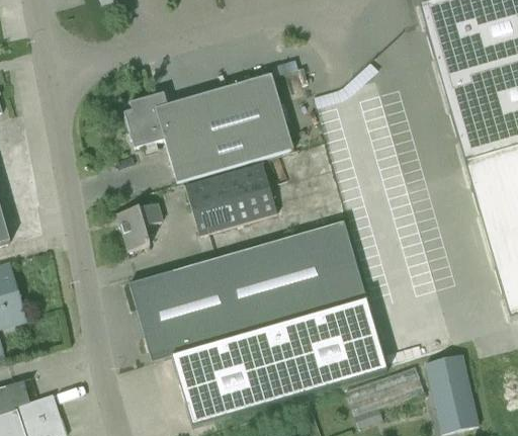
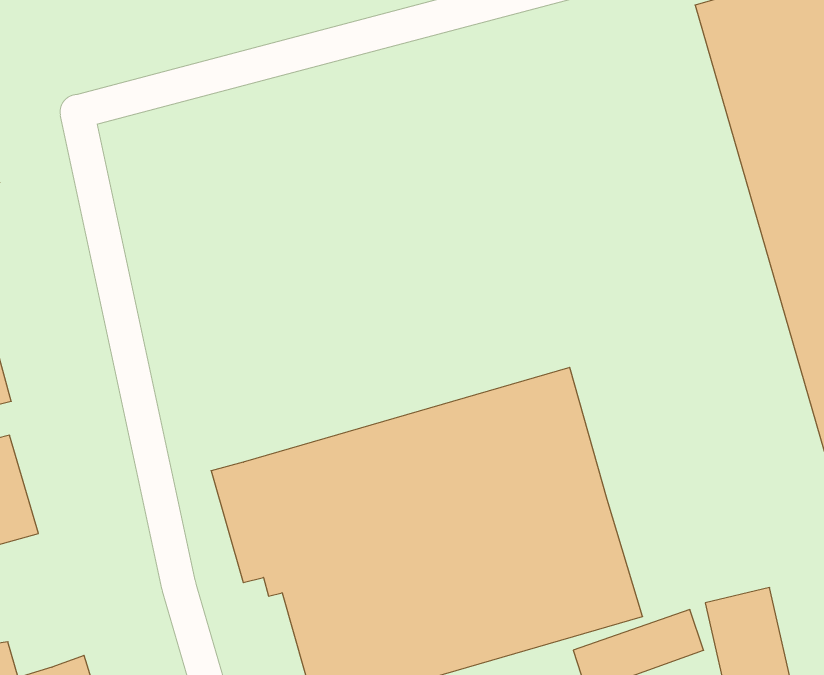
building: [123,73,292,182] -> none
building: [184,162,276,235] -> none
building: [116,202,162,250] -> none

